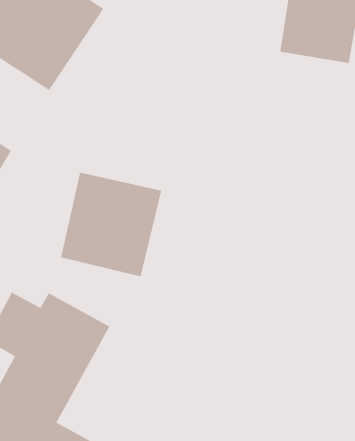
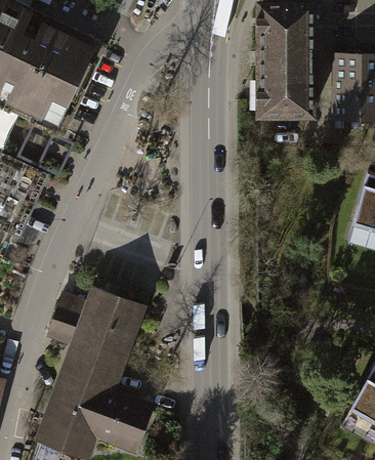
building: none -> [252,58,311,119]
building: [61,172,162,277] -> none

